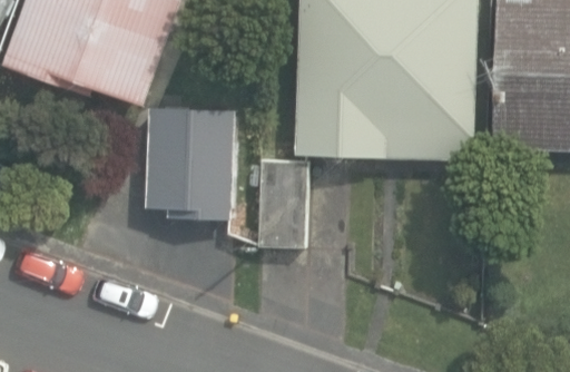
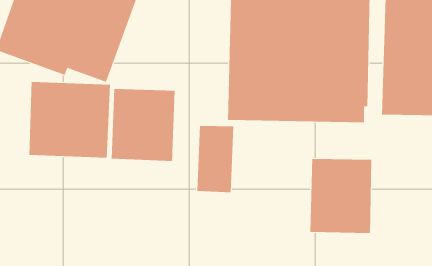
building: none -> [29,81,110,158]
building: none -> [310,158,372,234]

